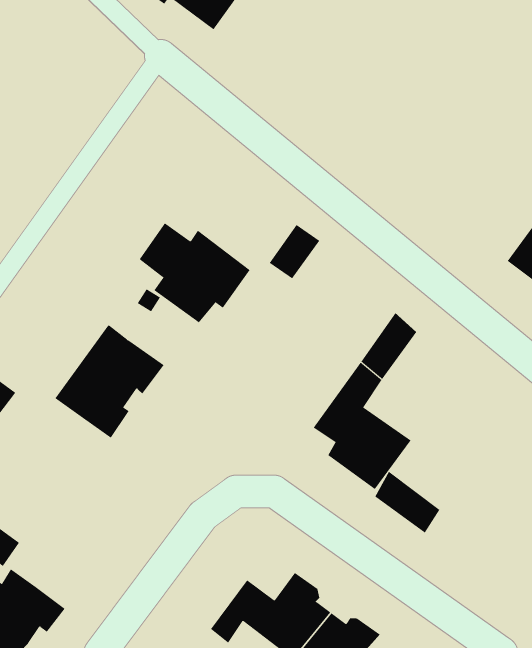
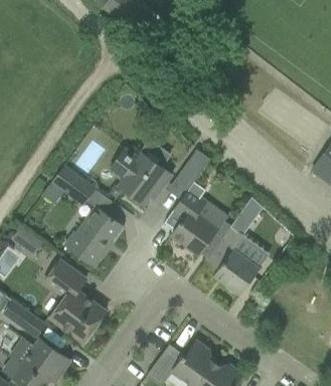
building: none -> [52,166,95,205]
building: none -> [172,189,220,255]
building: none -> [44,260,107,342]
building: [374,471,440,534] -> none

